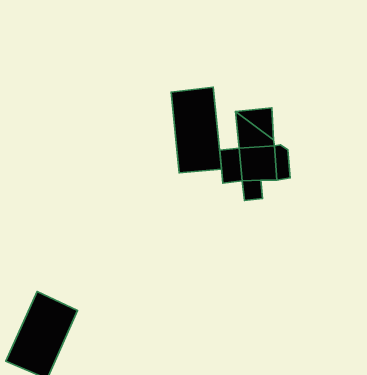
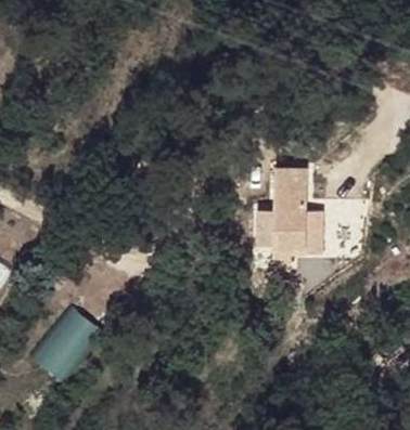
building: [171,87,222,173] -> none

